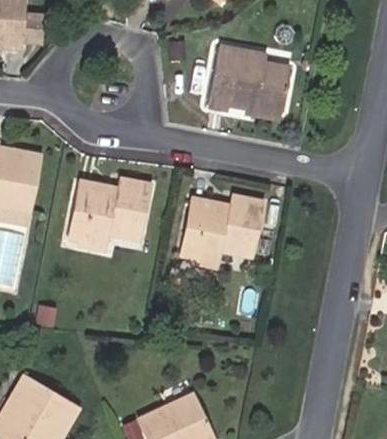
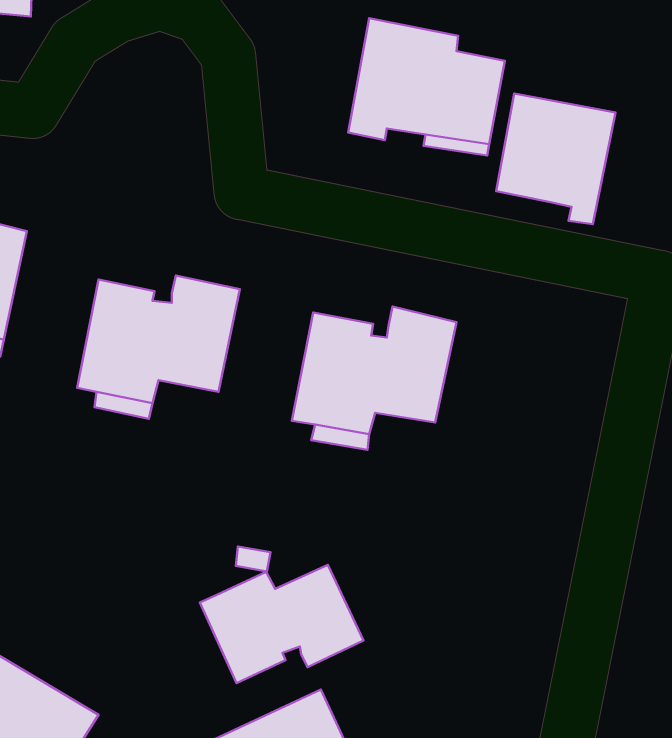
building: none -> [496,94,615,224]
building: none -> [200,565,363,683]

